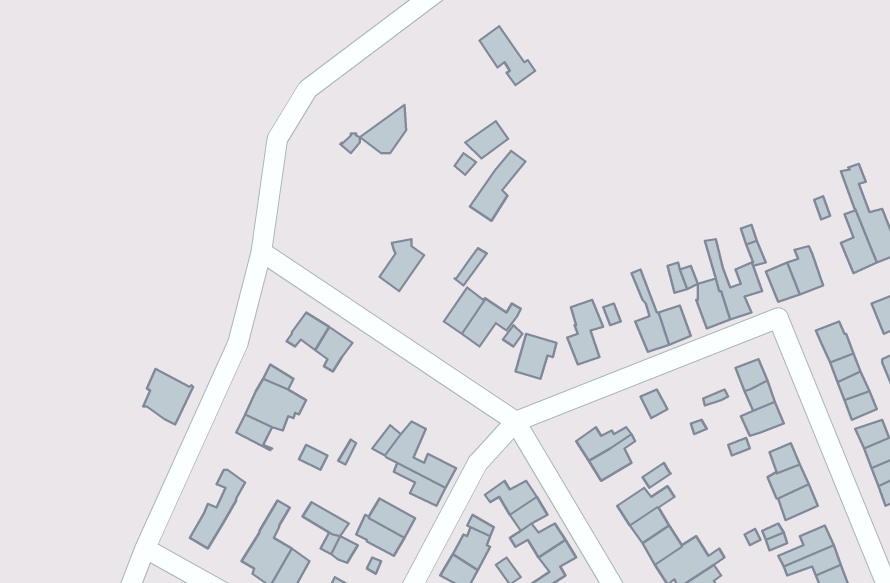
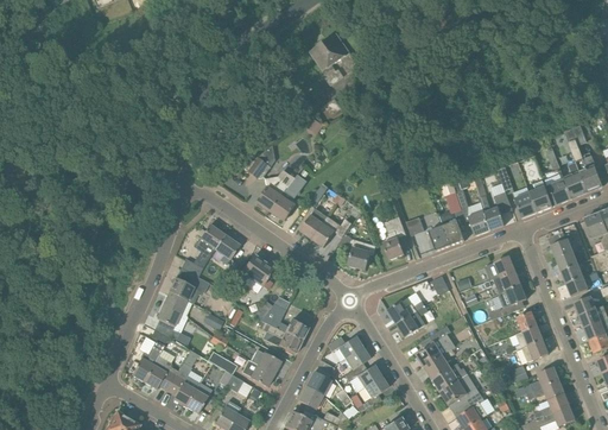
building: none -> [311,44,344,84]
building: [360,105,406,153] -> [243,145,274,177]
building: [470,151,525,221] -> [271,173,308,220]
building: none -> [542,166,572,205]
building: none -> [242,254,273,286]
building: [143,369,193,424] -> [154,304,188,341]
building: none -> [144,349,178,390]

